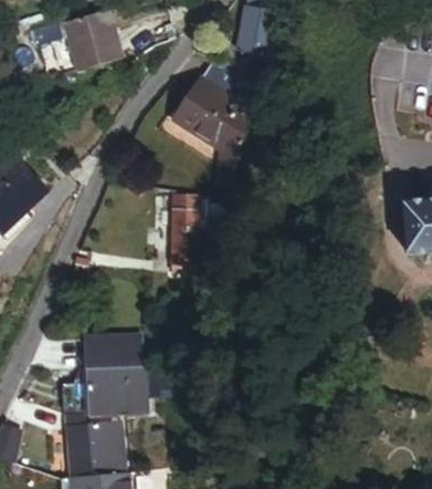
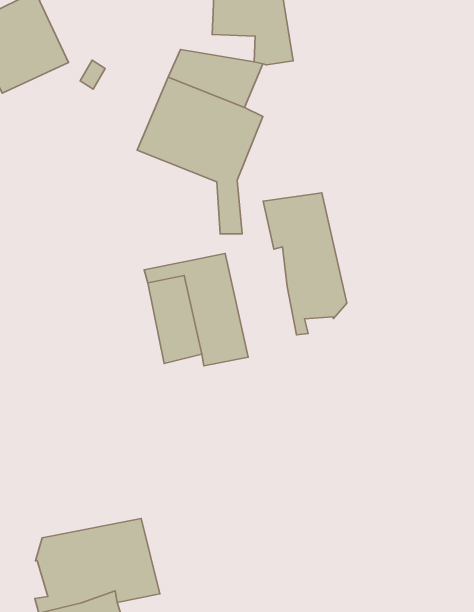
building: none -> [263,193,347,335]
building: [70,325,138,362] -> none

